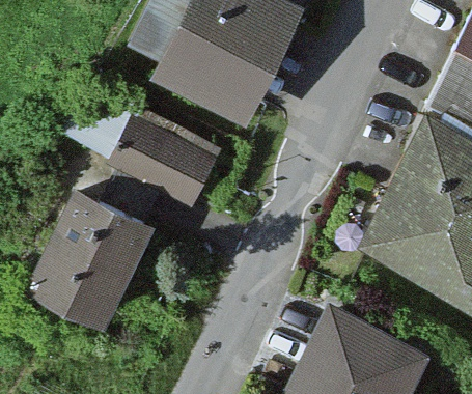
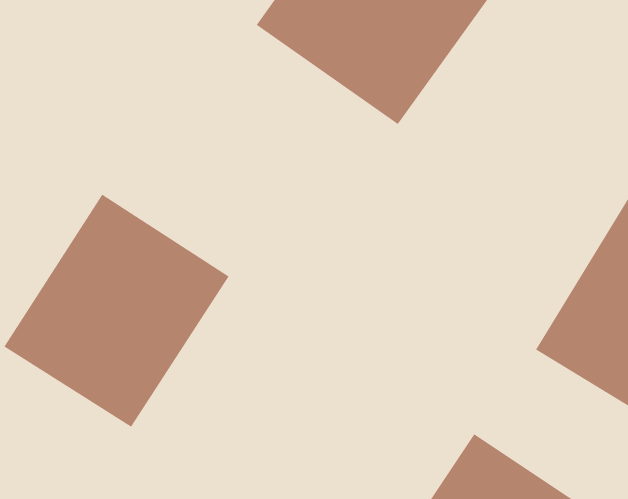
building: [118,122,223,203] -> none

